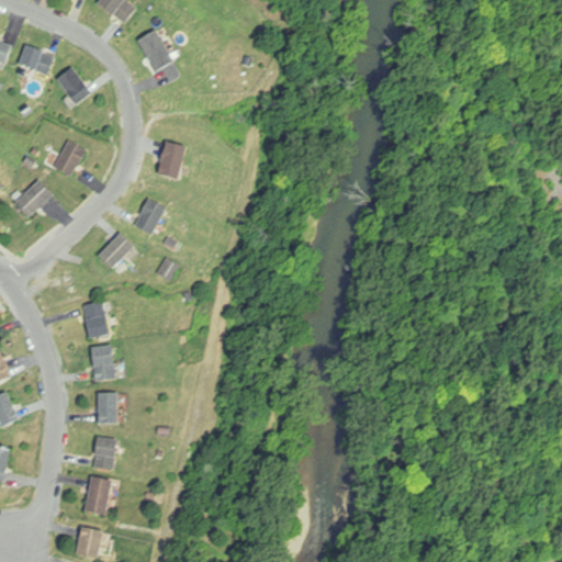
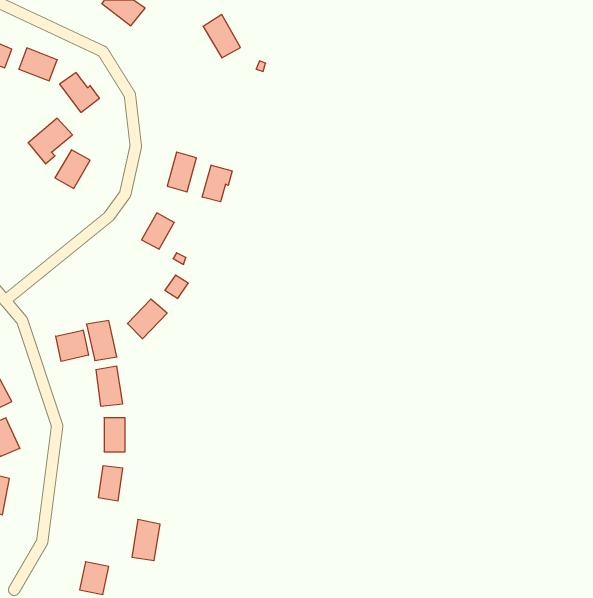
building: [137,31,172,71] -> [203,15,240,58]
building: none -> [202,165,232,202]
building: [10,180,52,223] -> [28,118,72,164]
building: [97,233,134,270] -> [127,299,167,339]
building: none -> [56,330,88,361]
building: [85,476,111,515] -> [132,520,160,561]

